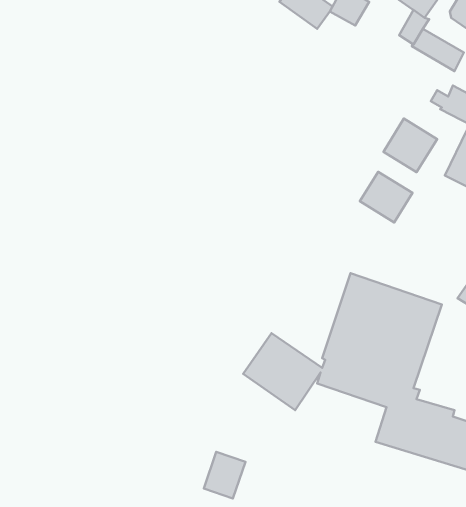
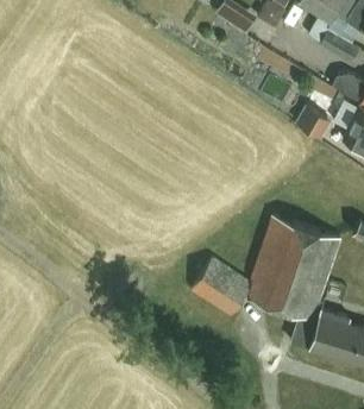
building: [360,172,412,223] -> none
building: [204,452,246,498] -> none

